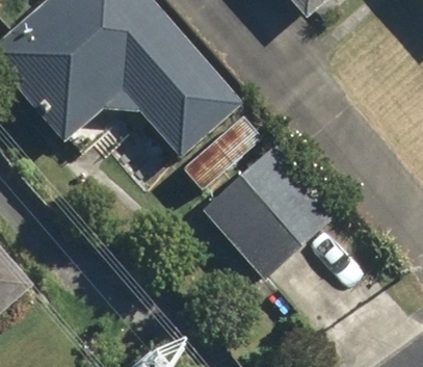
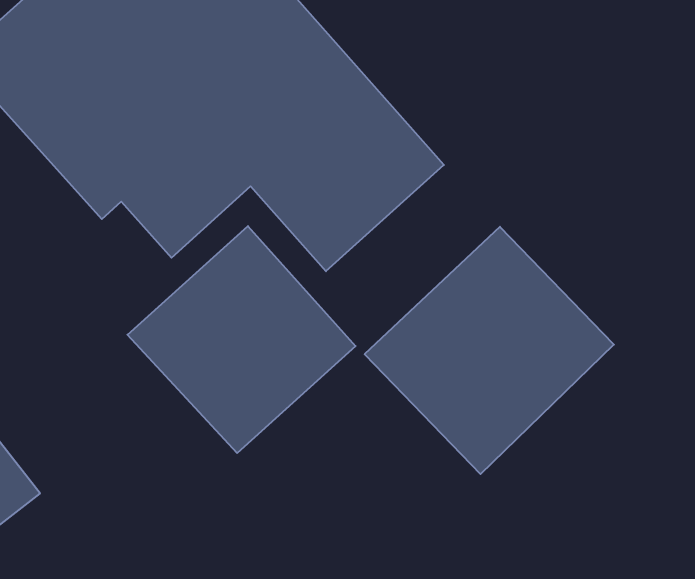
building: none -> [127,226,356,453]

